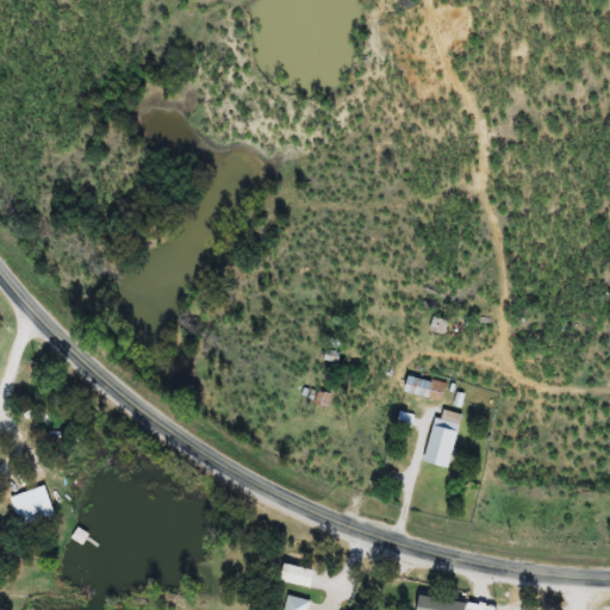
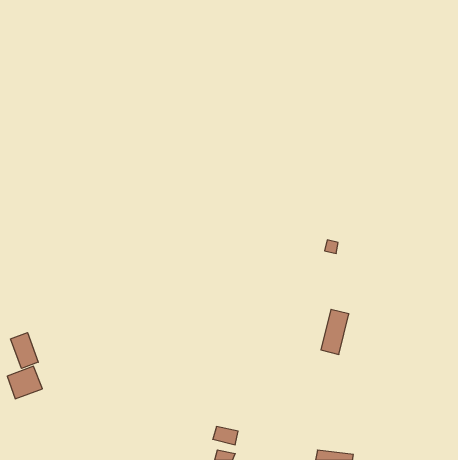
building: [403,375,446,402] -> none
building: none -> [11,333,38,368]

